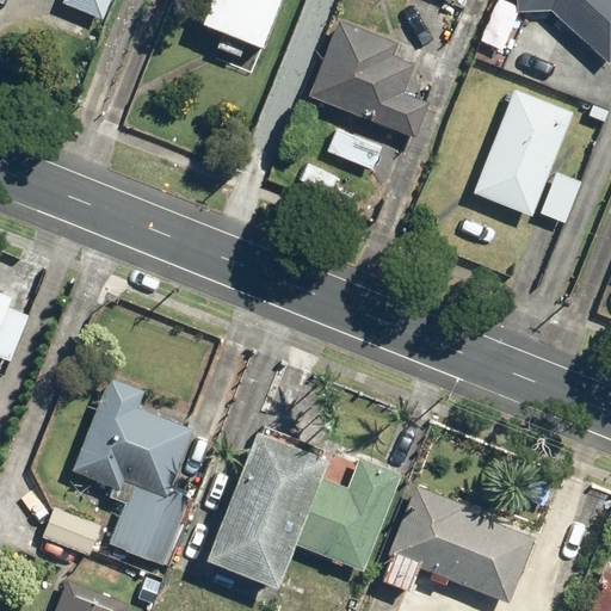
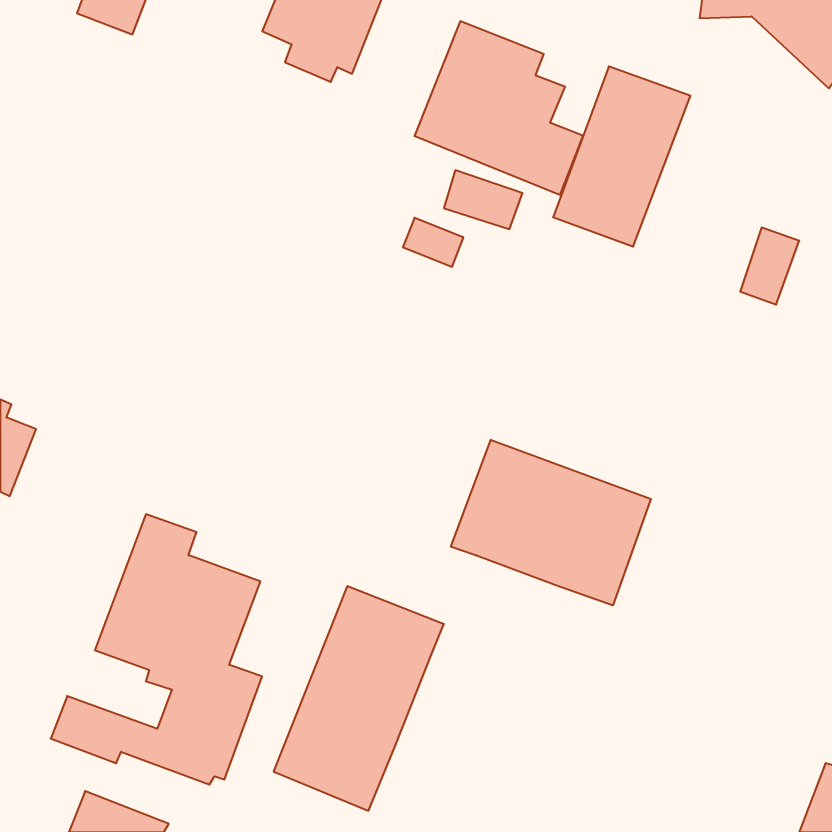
building: [473,86,573,217] -> [553,66,691,247]
building: none -> [451,440,651,605]
building: [291,453,405,573] -> none
building: [379,487,536,600] -> none

